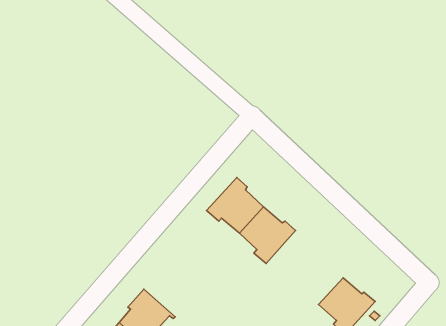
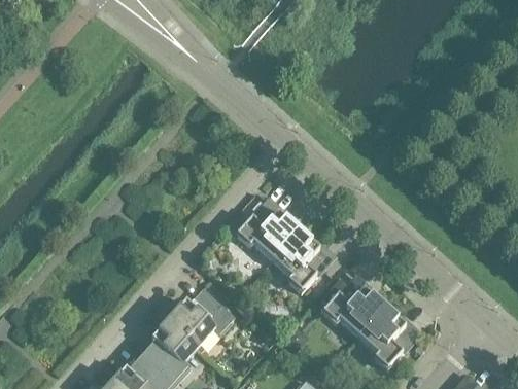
building: none -> [321,275,383,335]
building: none -> [167,287,233,349]

